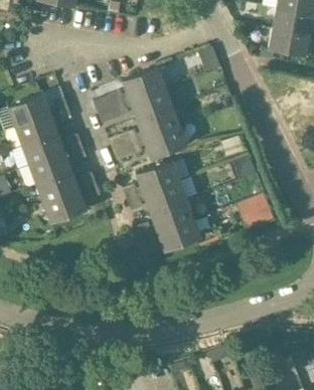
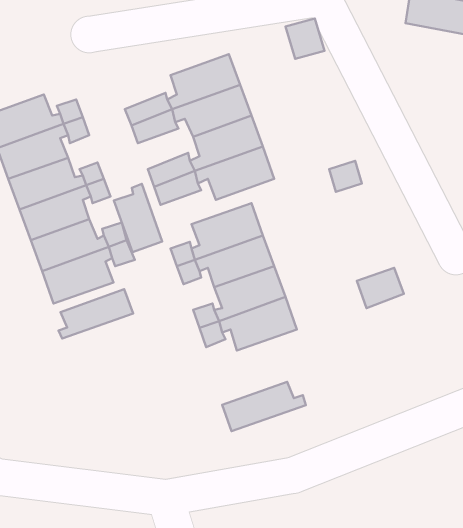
building: none -> [114,184,162,252]
building: none -> [58,289,133,339]
building: none -> [222,382,306,431]

